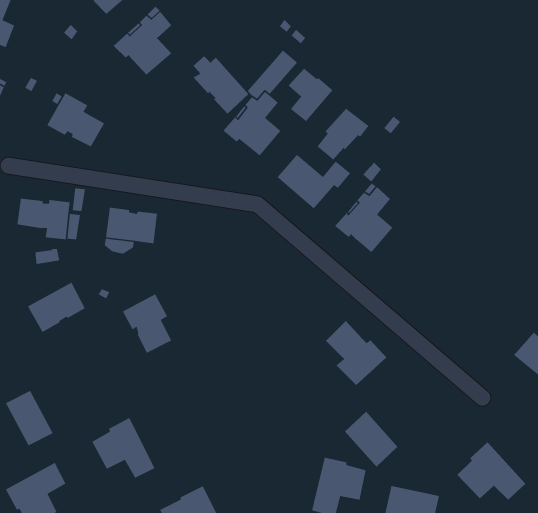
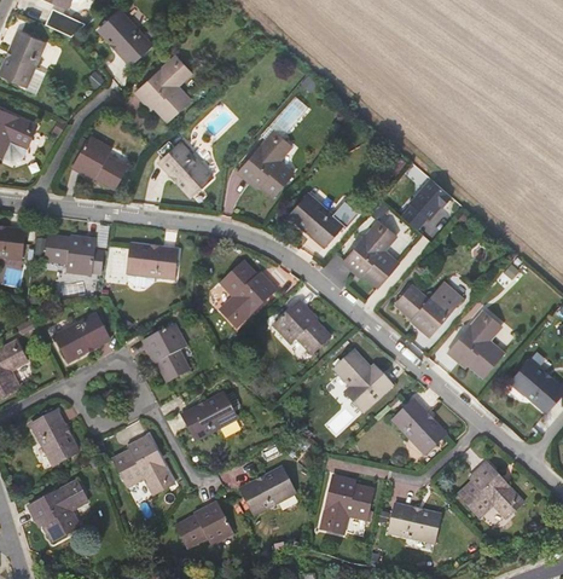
building: [193,55,249,115] -> [157,139,210,195]
building: [288,68,333,122] -> none
building: [317,108,369,161] -> [401,178,451,227]
building: none -> [217,257,273,323]
building: none -> [394,280,460,334]
building: none -> [269,299,326,351]
building: none -> [447,308,503,374]
building: none -> [184,395,244,442]
building: [344,411,398,467] -> [391,398,442,451]
building: none -> [243,469,298,516]

